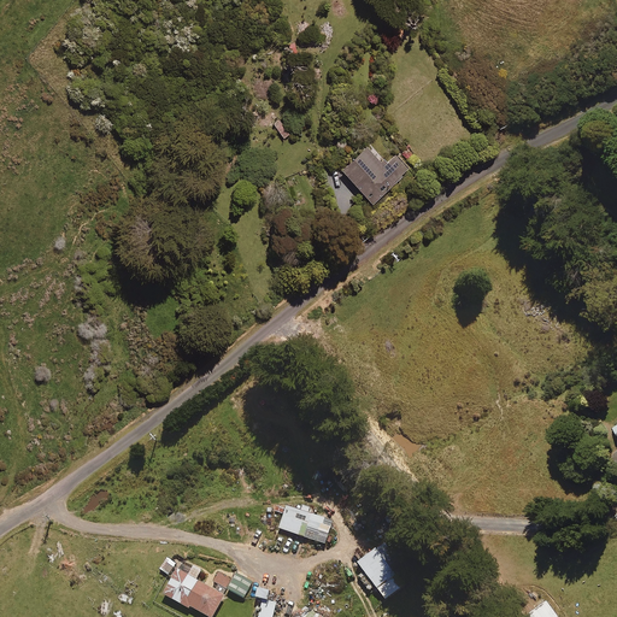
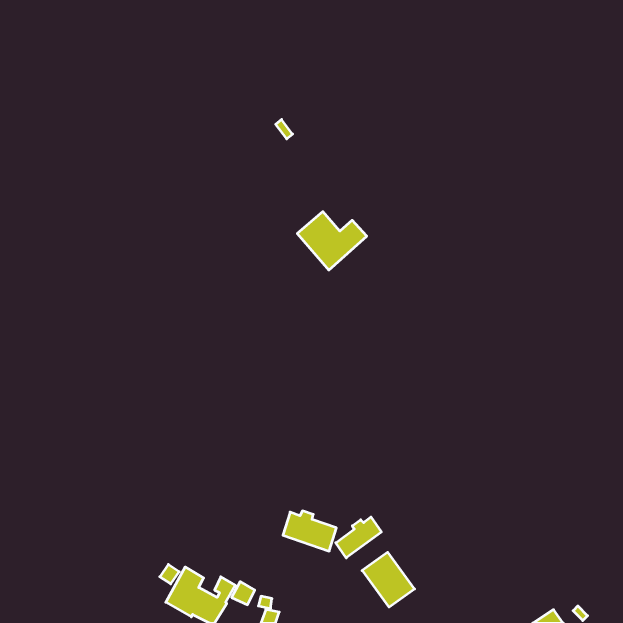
building: [340,145,409,202] -> [297,212,367,270]
building: none -> [336,517,381,558]

